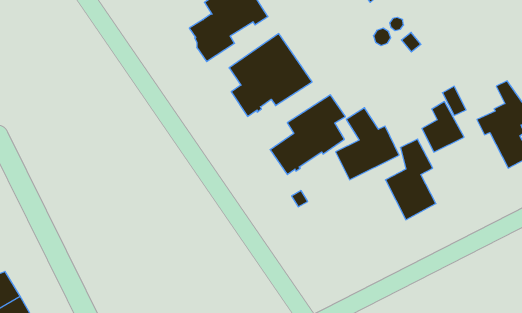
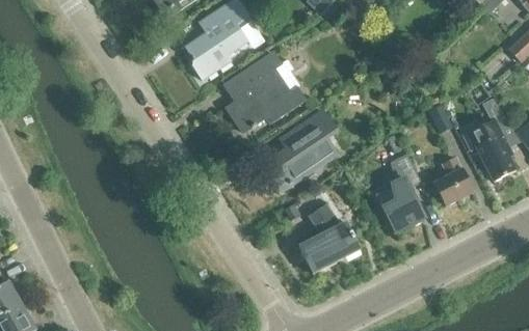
building: [422,102,464,152] -> [433,156,474,204]
building: [336,108,399,180] -> [298,202,360,272]

